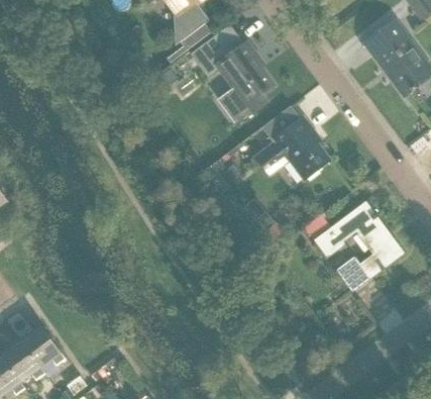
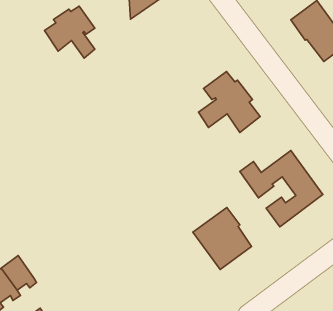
building: none -> [45,6,95,58]
building: [190,29,274,122] -> none
building: none -> [193,208,252,270]

